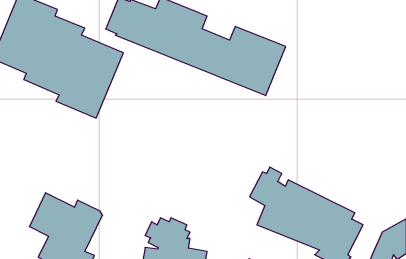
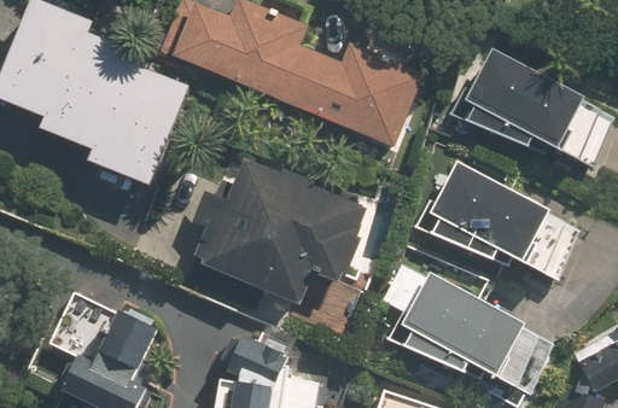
building: none -> [450,51,607,161]
building: none -> [180,155,373,316]
building: none -> [415,165,572,275]

